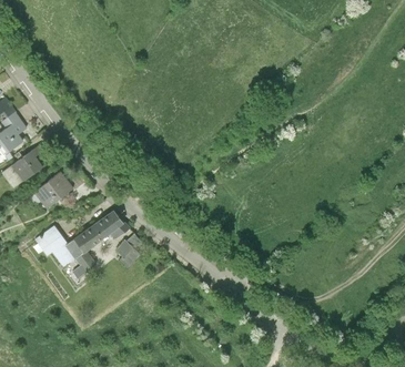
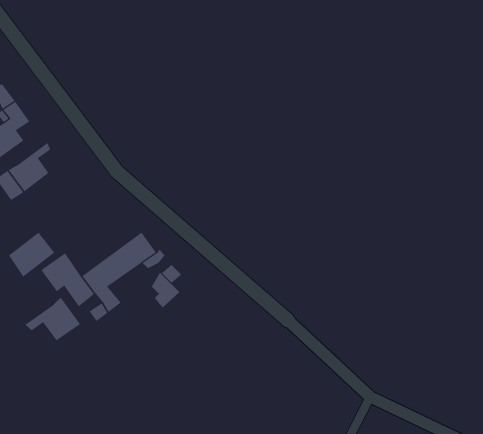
building: [37,171,72,205] -> [8,232,55,277]
building: none -> [25,297,81,341]

